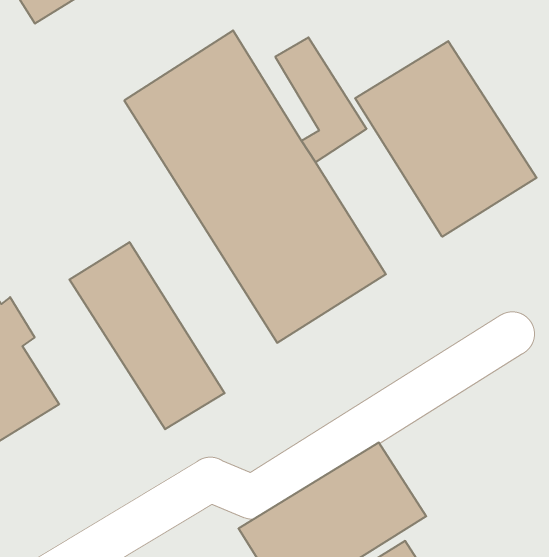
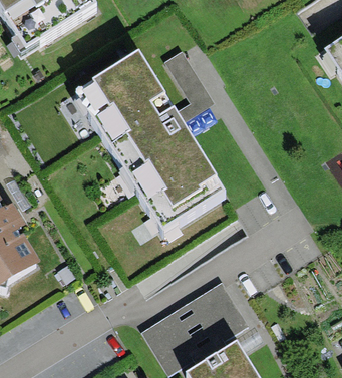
building: [355,41,537,237] -> none
building: [69,242,225,429] -> none

